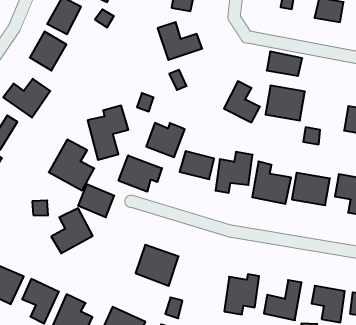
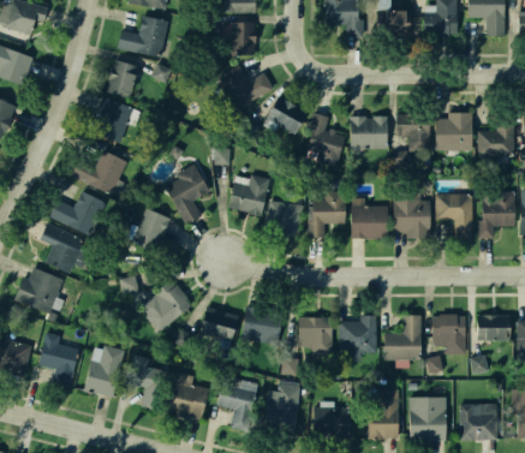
building: [267,52,302,76] -> [394,115,429,136]
building: none -> [267,100,303,132]
building: [119,155,162,192] -> none
building: [78,184,114,217] -> [201,310,237,341]
building: none -> [302,320,330,342]

